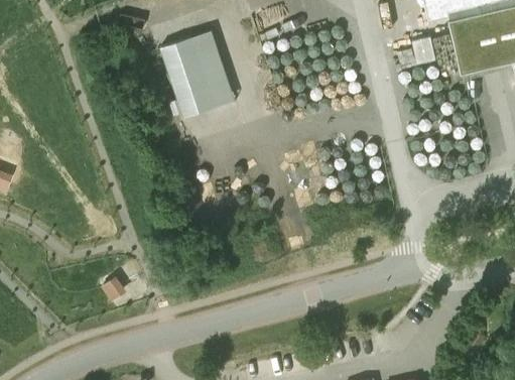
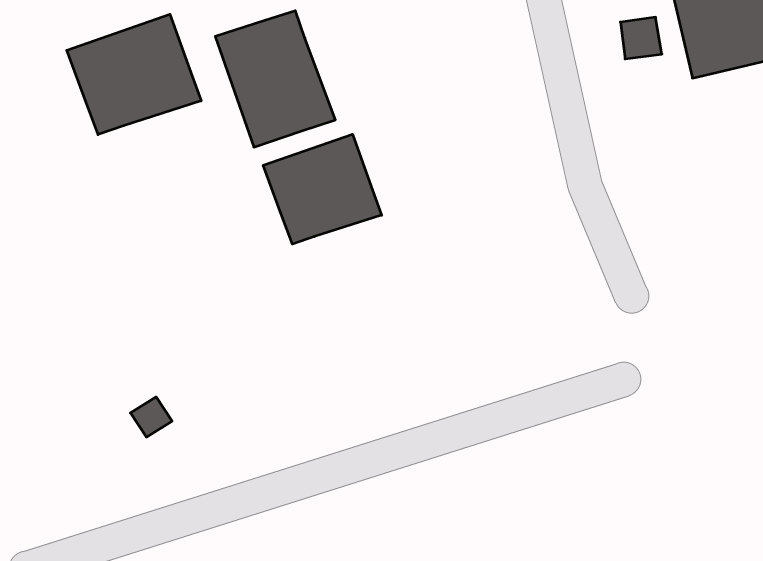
building: none -> [67,14,201,135]
building: none -> [263,134,382,244]

